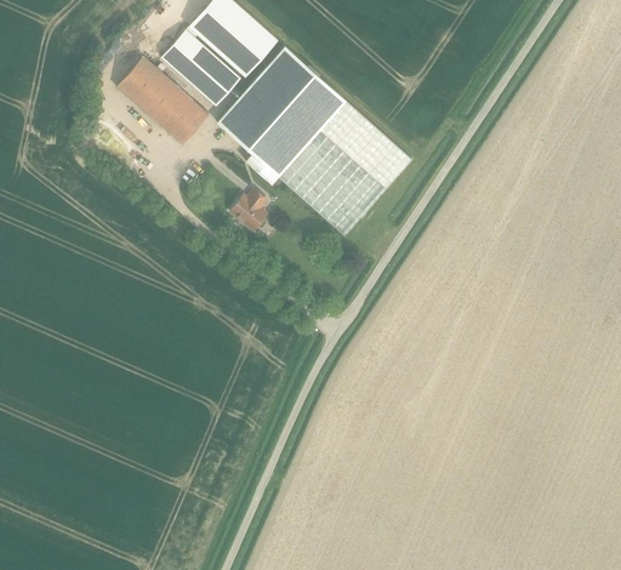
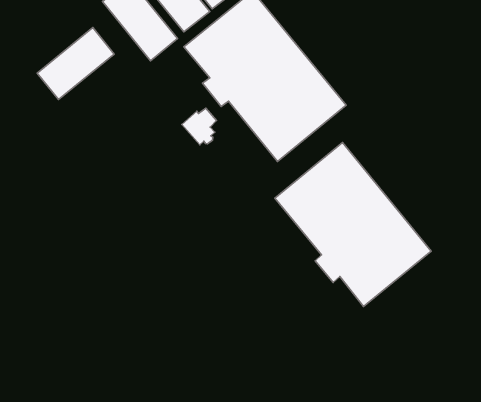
building: none -> [37,28,114,100]
building: none -> [275,143,431,306]

